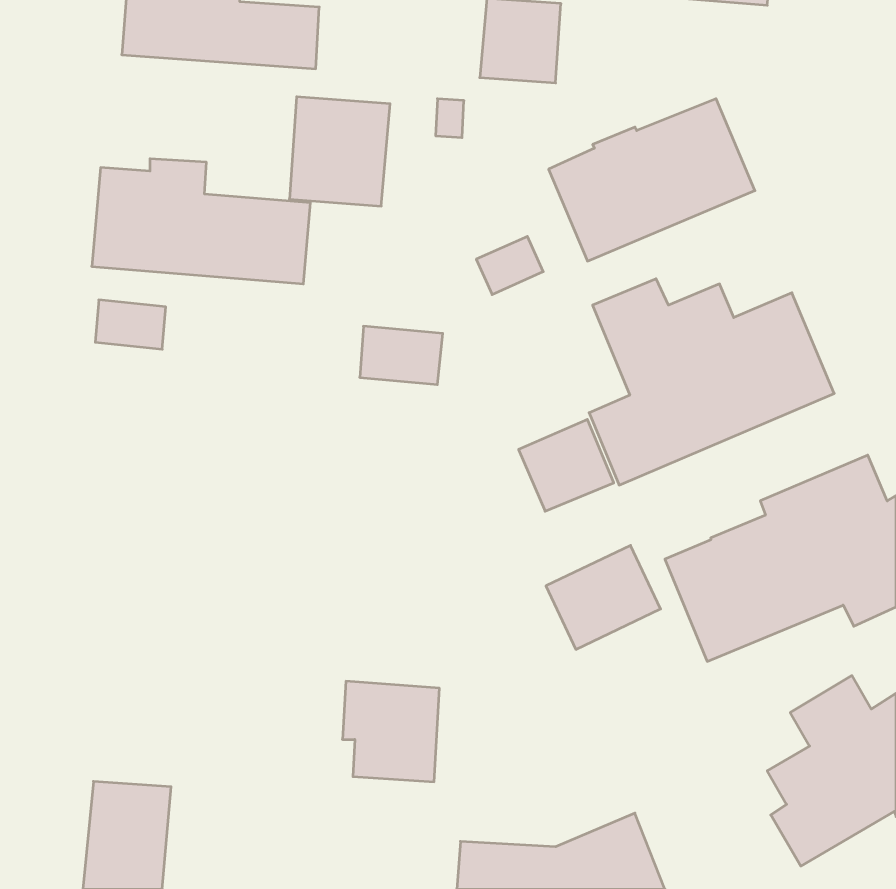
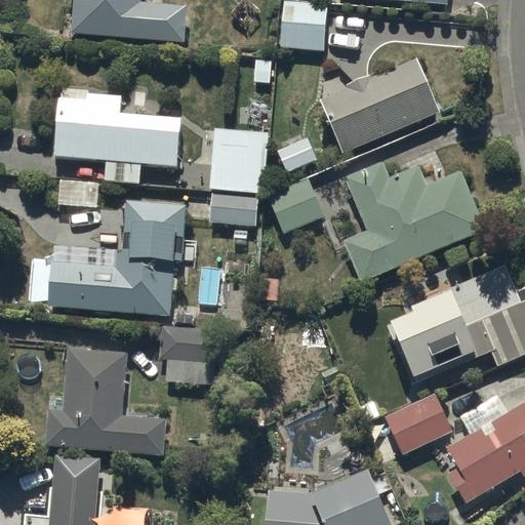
building: [289,97,390,206] -> [209,127,268,191]
building: none -> [47,200,186,315]
building: [519,419,614,511] -> [267,177,322,231]
building: [546,545,661,649] -> [385,393,451,453]
building: none -> [45,348,166,455]
building: [342,681,439,782] -> [159,324,215,382]

